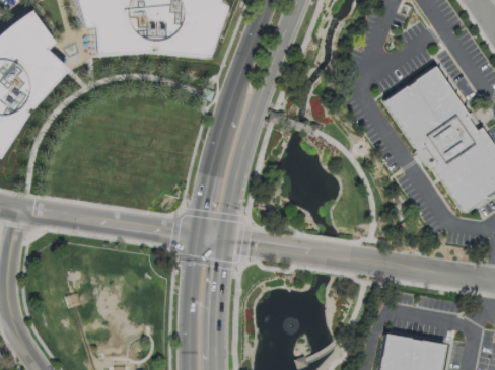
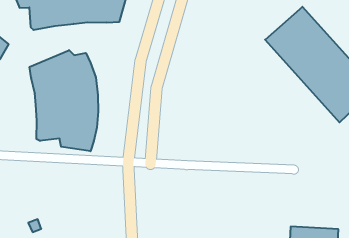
building: none -> [30,50,98,151]

